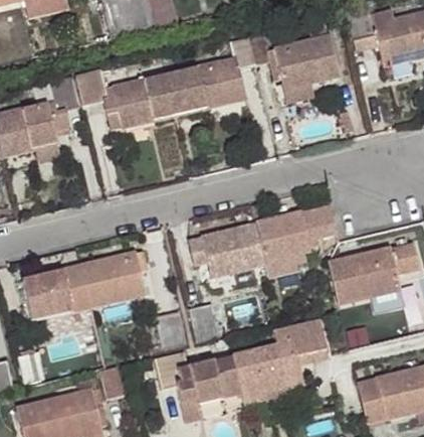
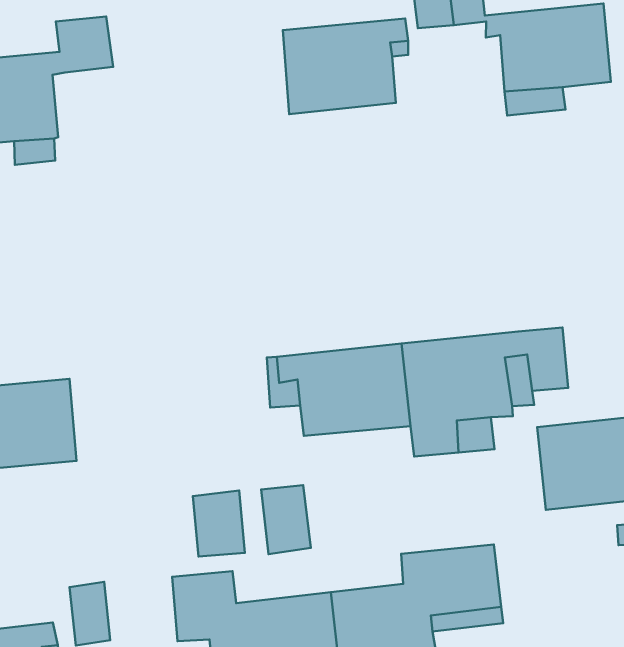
building: [82,68,180,127] -> none
building: [86,248,150,304] -> none

